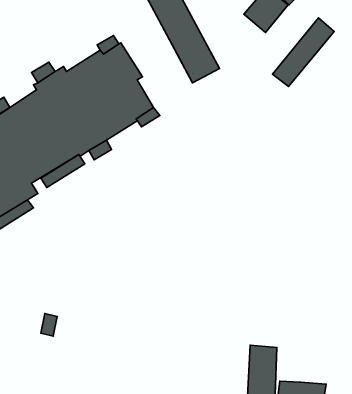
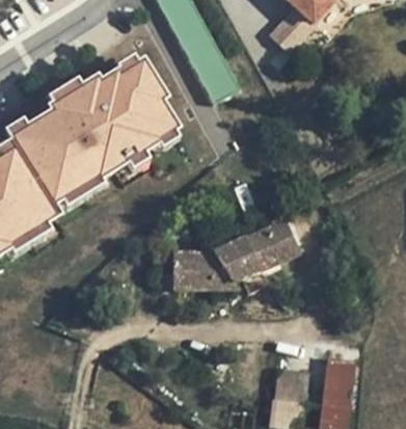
building: [272,18,334,86] -> none
building: none -> [174,220,300,287]
building: none -> [325,358,356,406]

